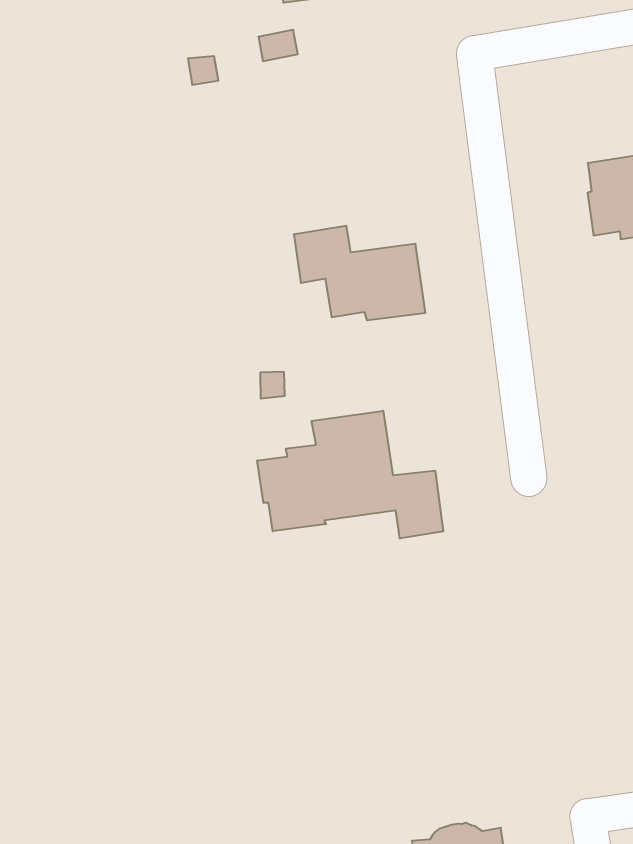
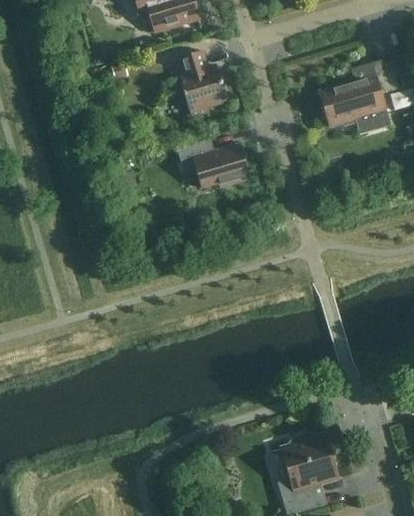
building: none -> [177,49,227,116]
building: [257,411,443,539] -> none

